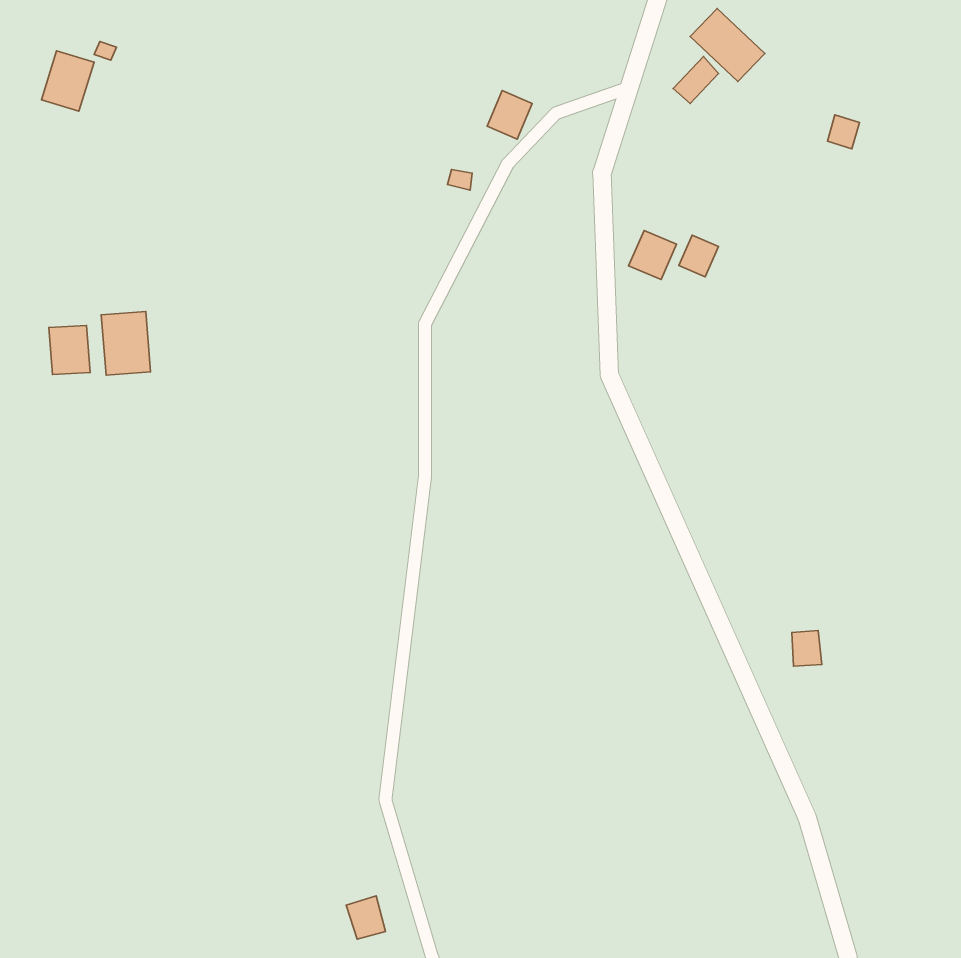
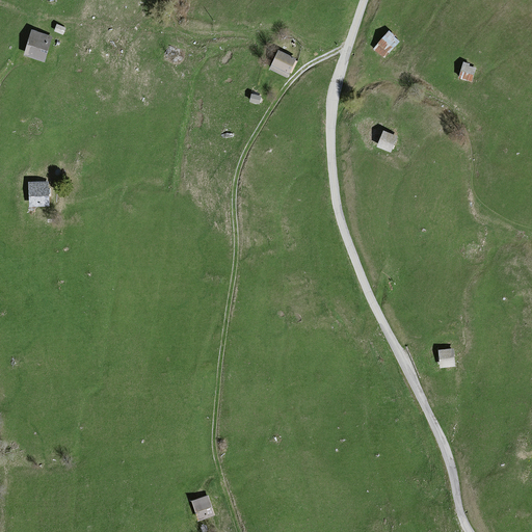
building: [690,8,765,81] -> none
building: [629,230,677,280] -> none
building: [101,312,151,375] -> none

